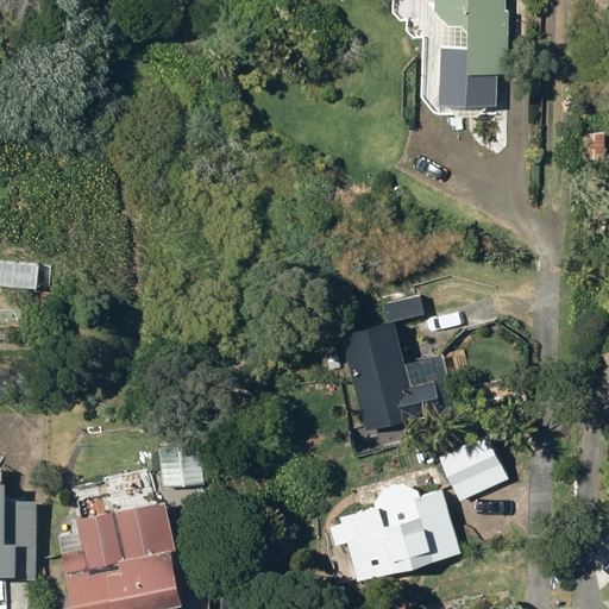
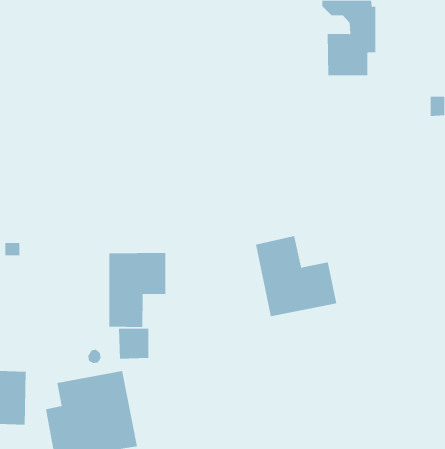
building: none -> [109,252,166,328]
building: [438,435,506,500] -> none
building: [324,483,459,588] -> none

